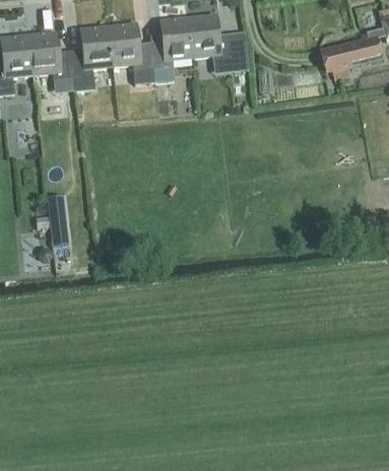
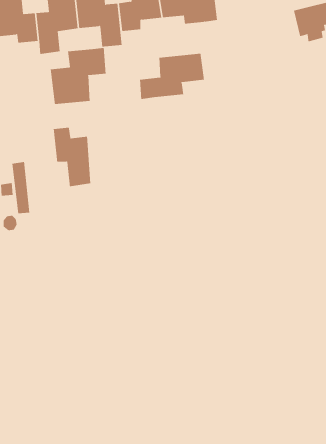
building: none -> [50,47,106,105]
building: none -> [140,53,205,100]
building: none -> [53,127,91,187]

